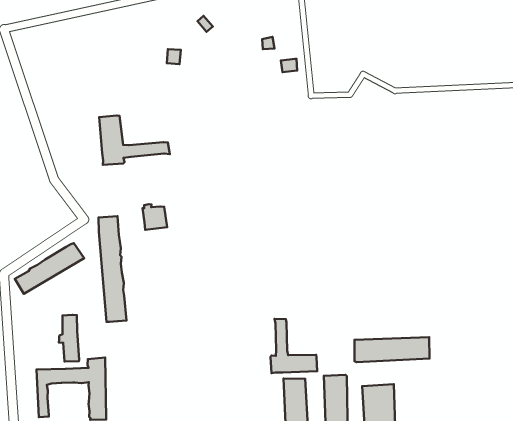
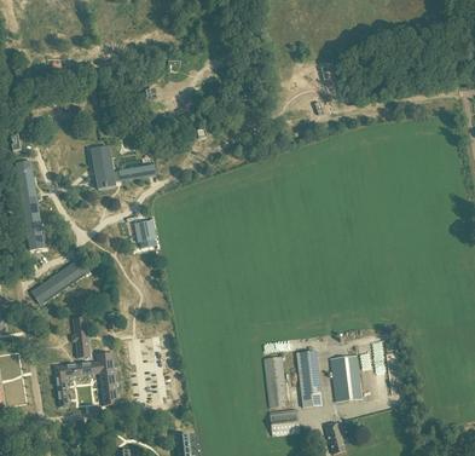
building: [99,216,127,322] -> [16,160,46,249]
building: [271,319,317,373] -> none
building: [354,337,429,362] -> none

